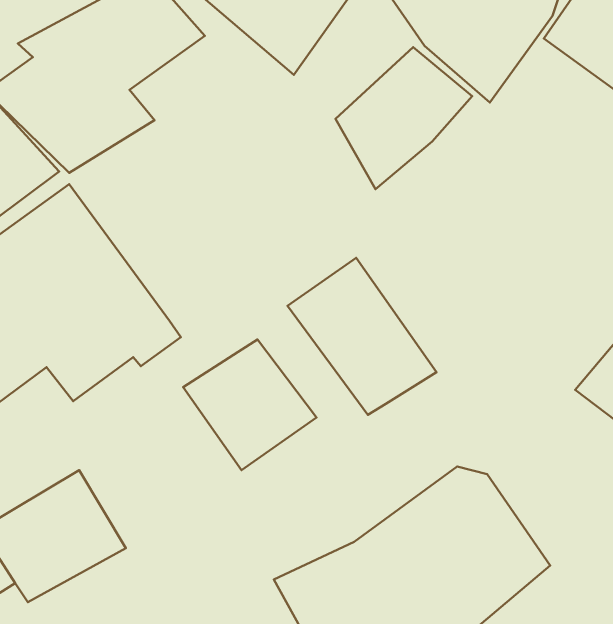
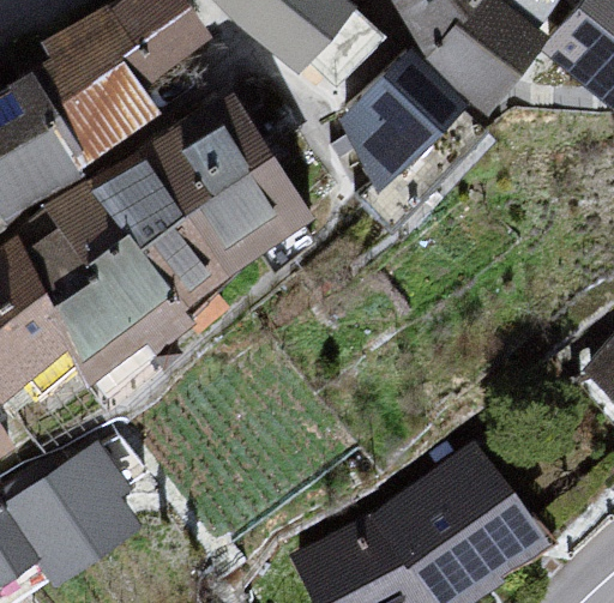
building: none -> [89,92,313,309]
building: [287,258,436,415] -> none
building: [183,339,317,470] -> none

